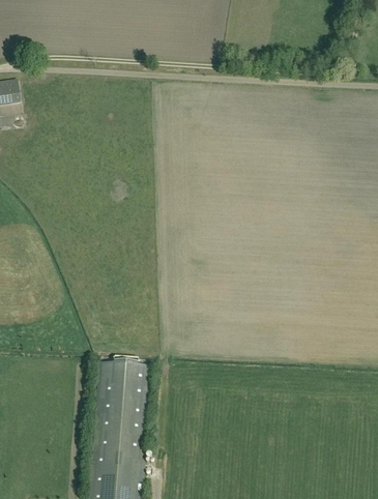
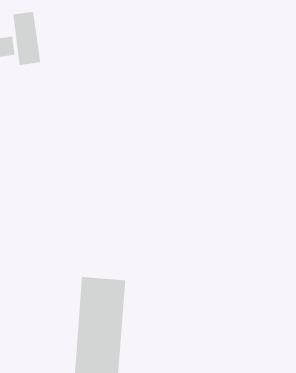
building: none -> [13,11,41,66]

